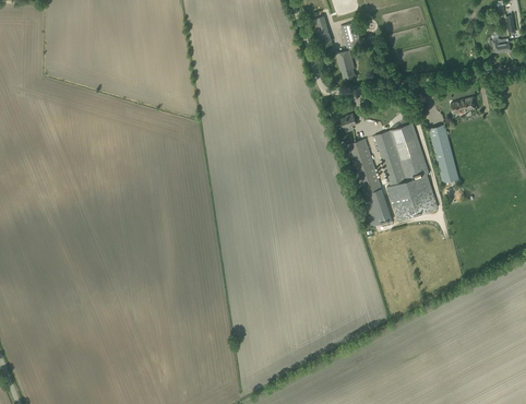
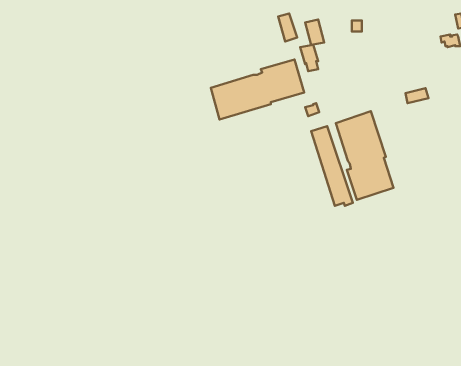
building: none -> [211,59,304,119]
building: [429,124,458,182] -> none

